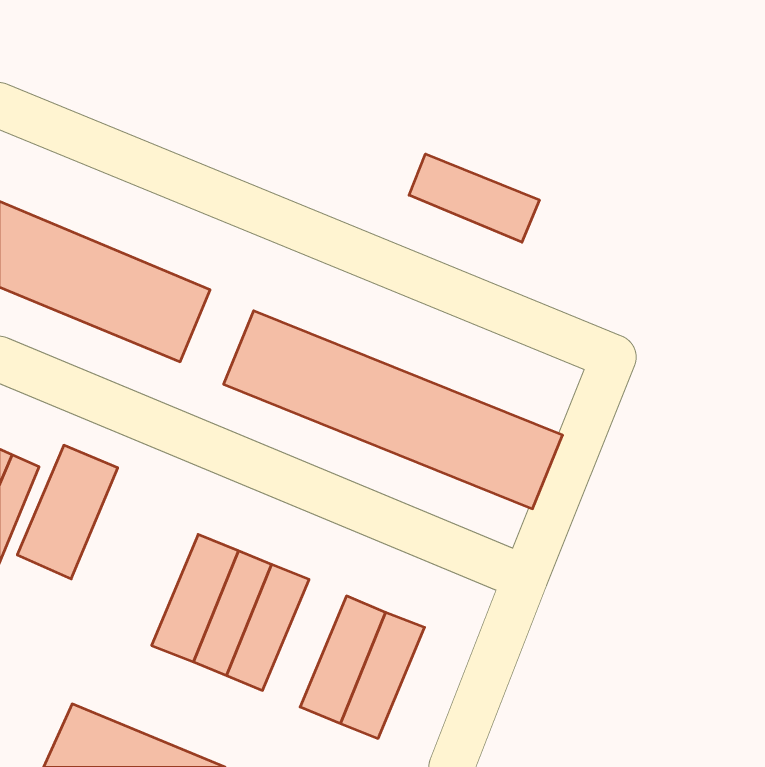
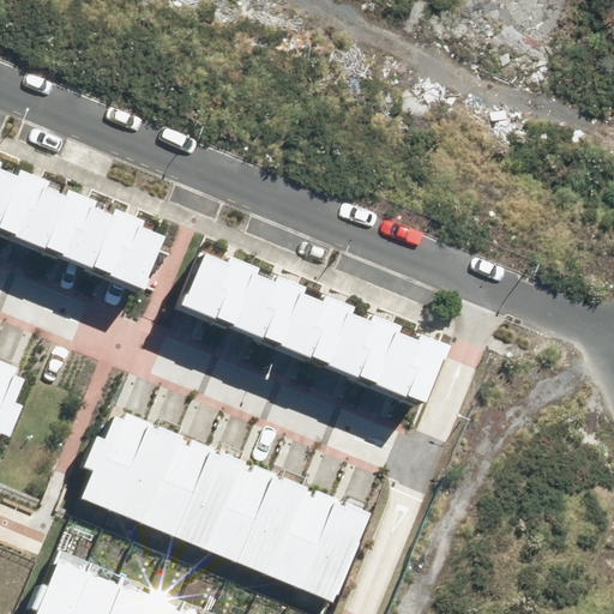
building: [409,154,539,242] -> none
building: [17,445,118,579] -> [78,409,158,516]
building: none -> [210,463,277,565]
building: none -> [302,501,369,603]

